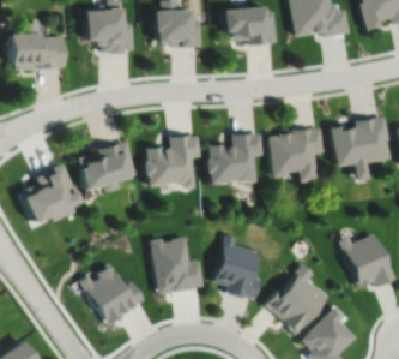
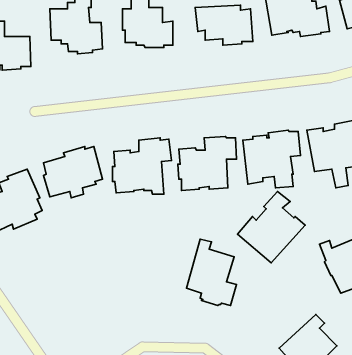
building: [151,237,204,292] -> none
building: [265,262,330,330] -> [237,191,305,263]
building: [79,263,144,324] -> none

